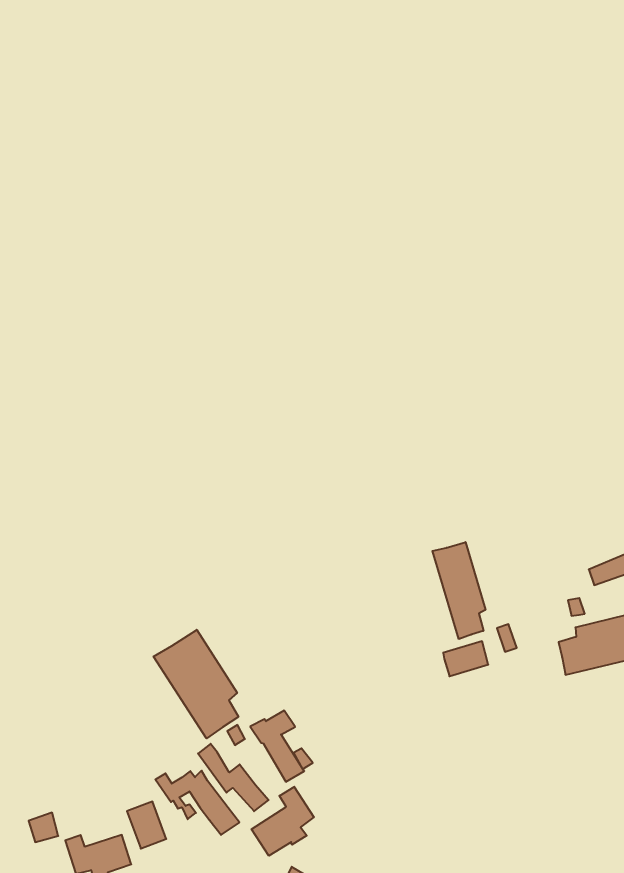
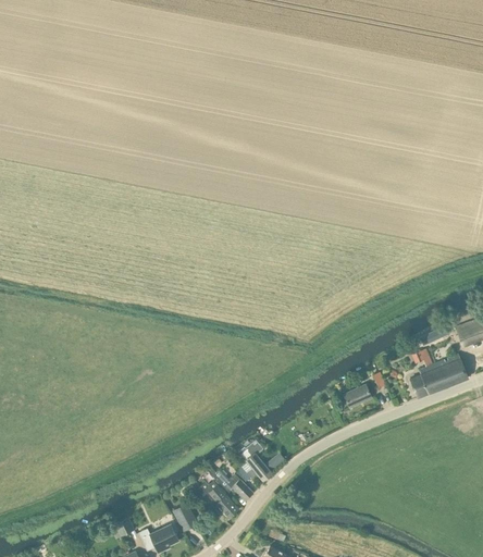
building: [432,542,485,639] -> none
building: [154,630,238,738] -> none
building: [252,787,314,856] -> none

